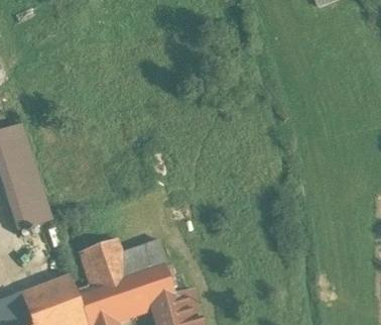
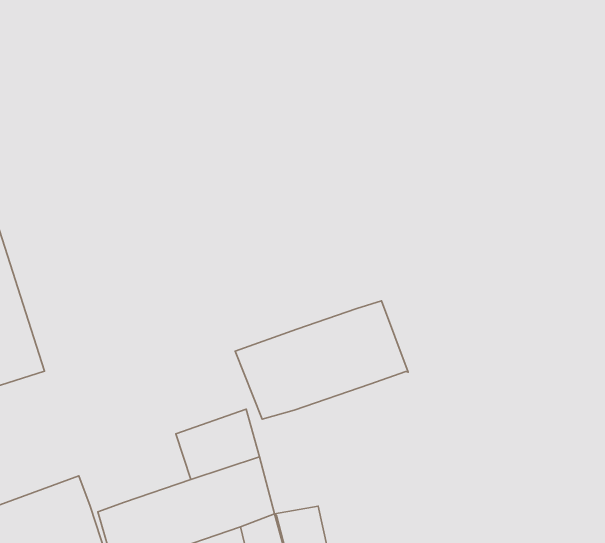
building: none -> [235,301,408,419]
building: [81,237,130,288] -> none

